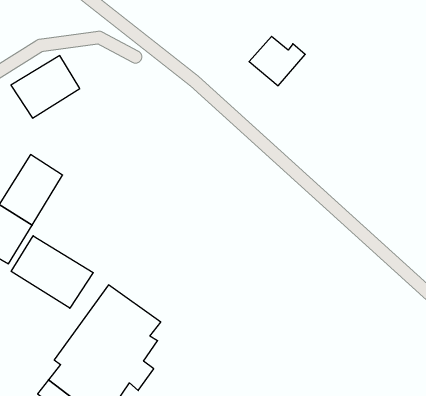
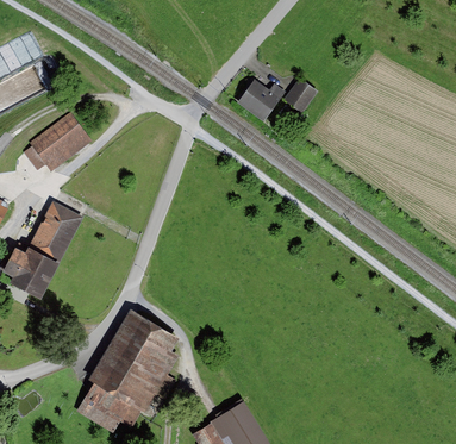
building: none -> [285,80,317,112]
building: [11,236,93,308] -> none

